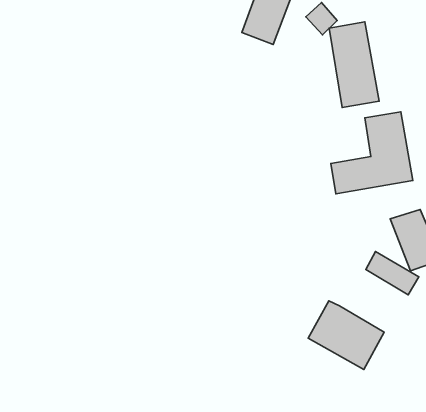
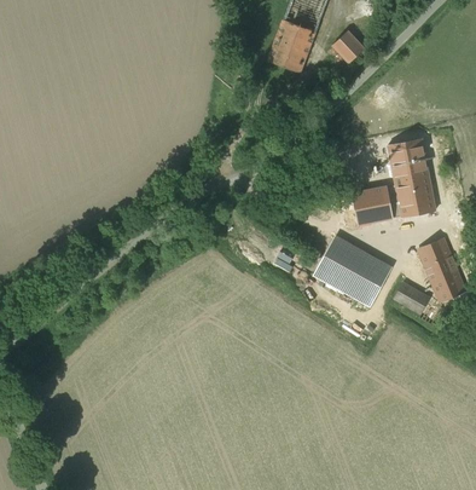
building: [329,22,379,107] -> none
building: [308,301,384,369] -> [315,234,391,302]

